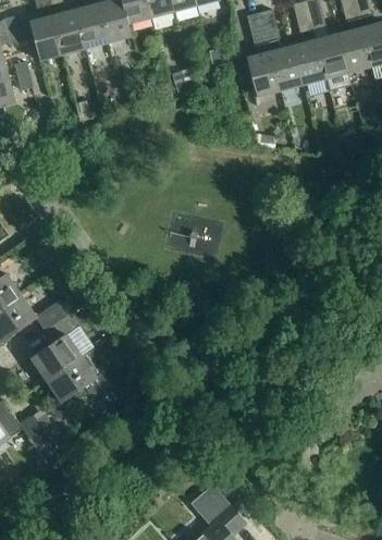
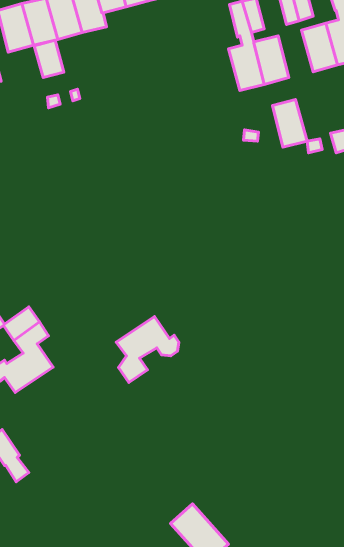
building: [293,40,325,85] -> [272,100,307,147]
building: none -> [34,40,64,78]
building: [46,357,104,419] -> [116,317,179,383]

